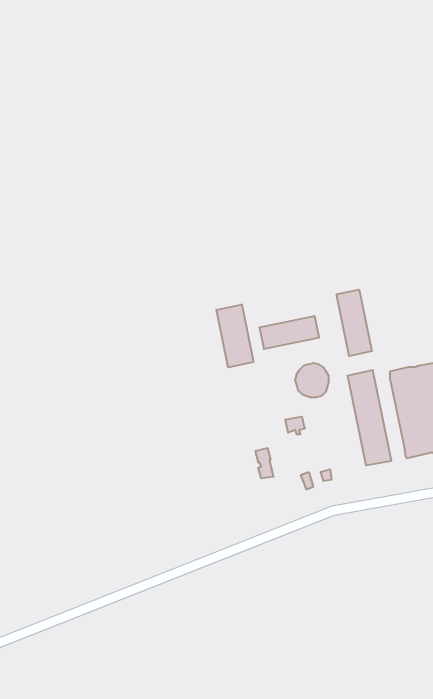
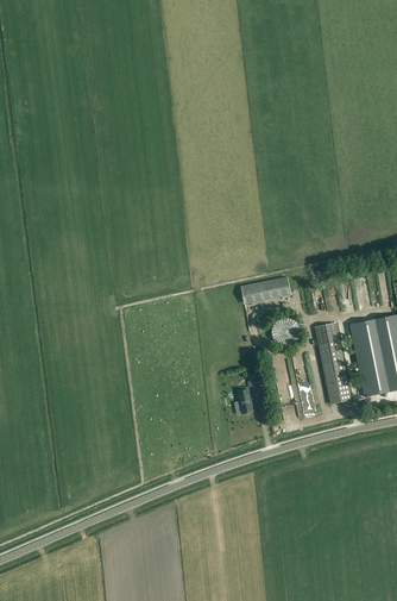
building: [336,290,372,356] -> none
building: [216,304,253,367] -> none

